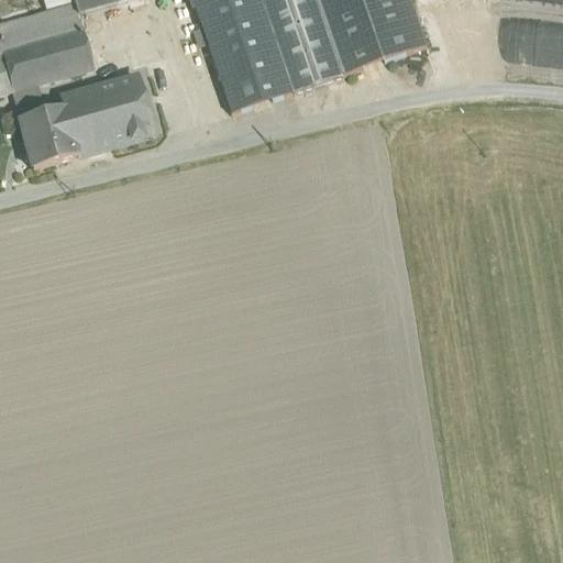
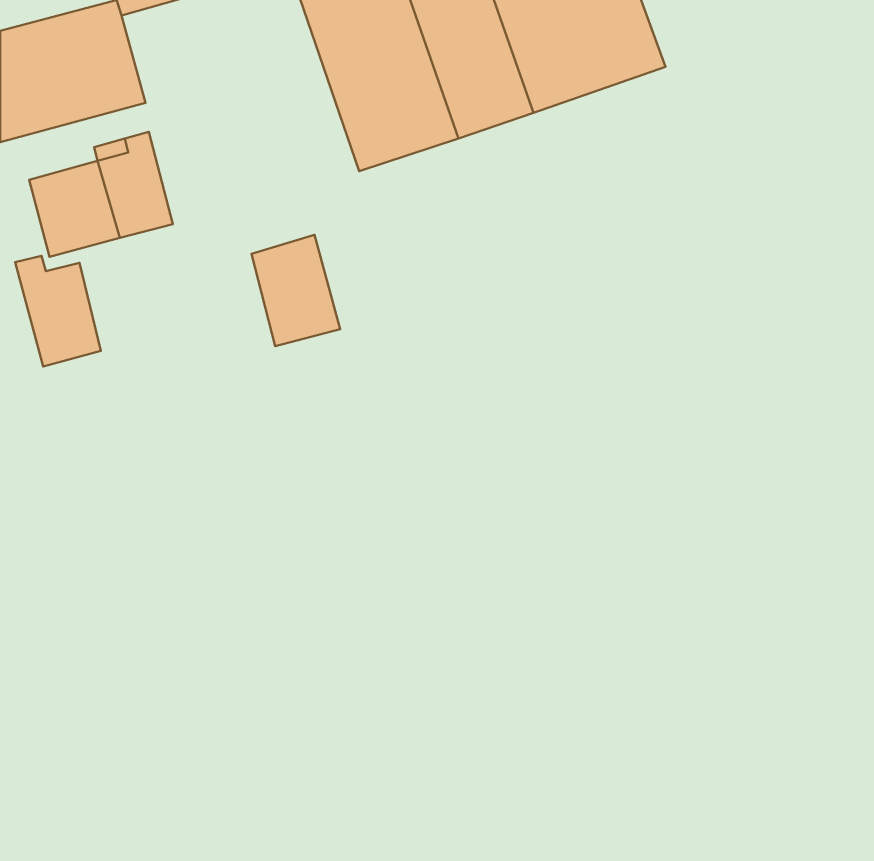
building: [96,73,153,144] -> [251,235,340,346]
building: none -> [15,256,101,366]

